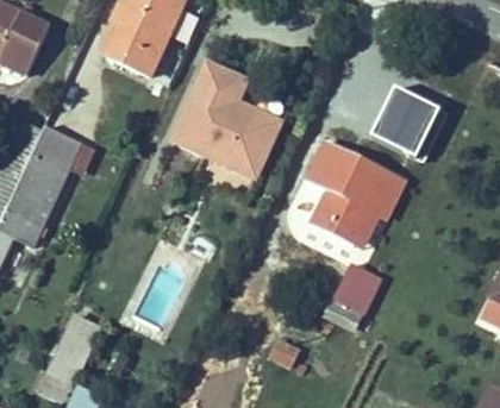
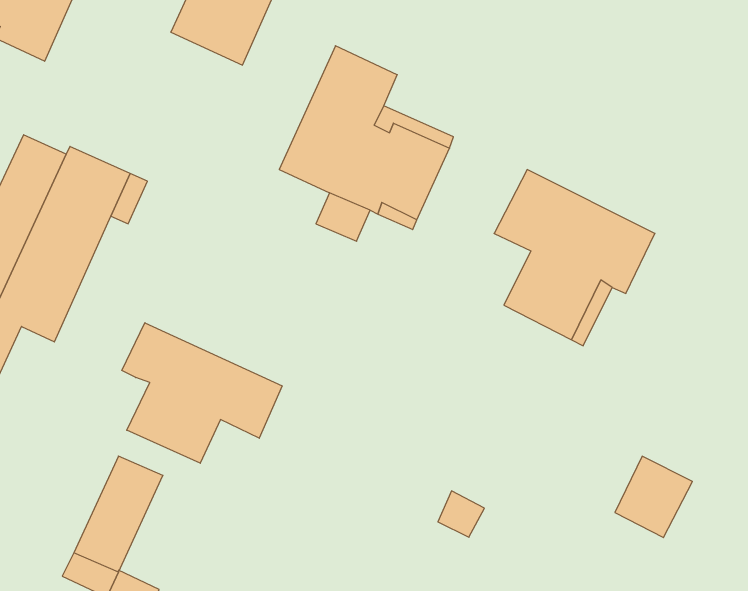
building: [371,80,440,151] -> none
building: none -> [122,323,282,463]
building: [335,264,382,314] -> [615,456,692,538]

